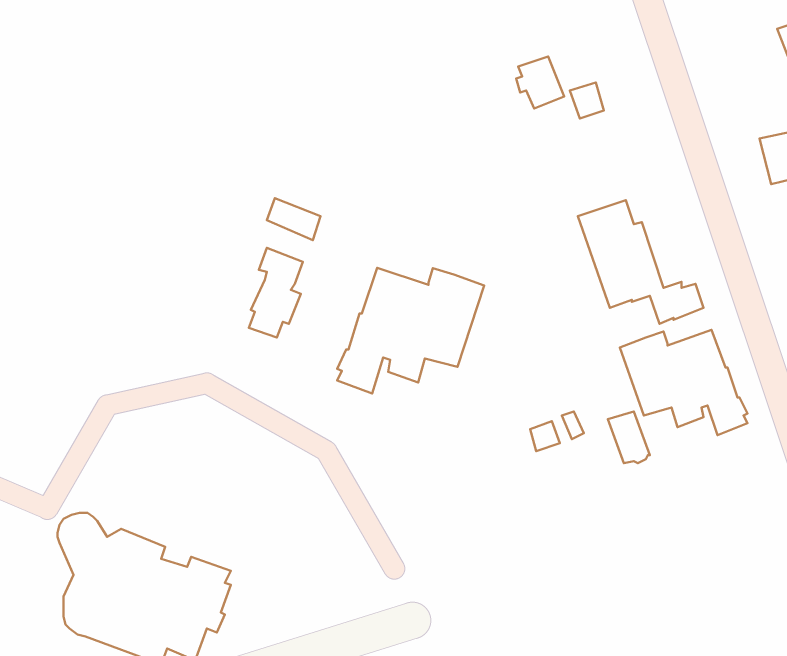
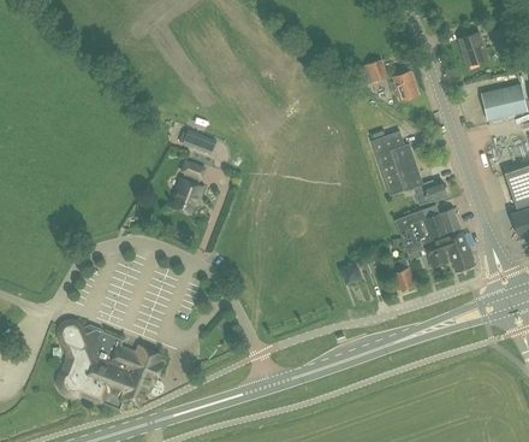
building: none -> [458,29,487,63]
building: [516,57,564,108] -> [391,70,420,101]
building: [337,268,484,394] -> none

